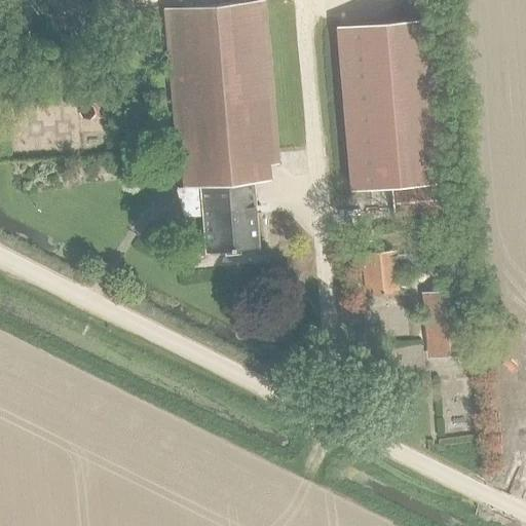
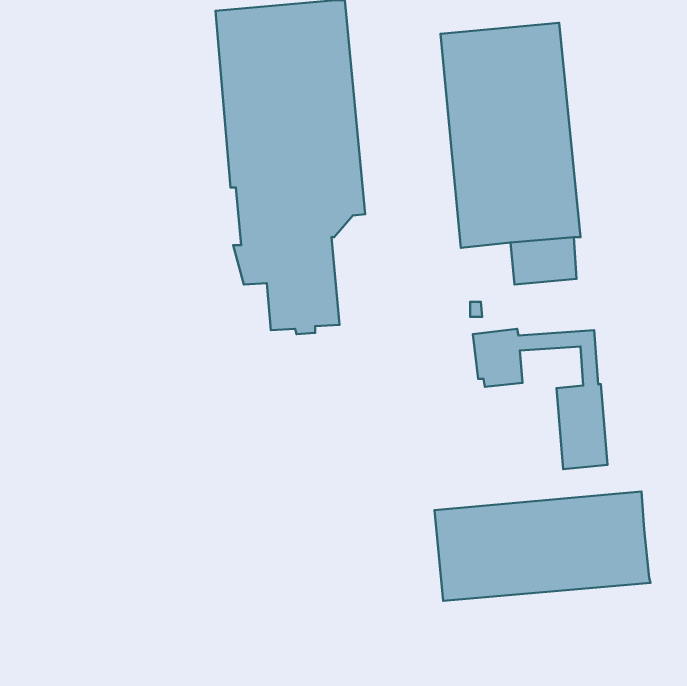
building: none -> [434,491,650,601]

